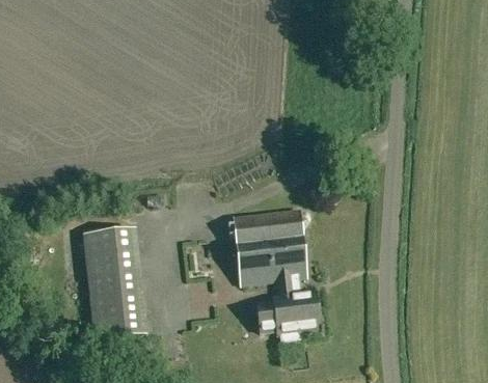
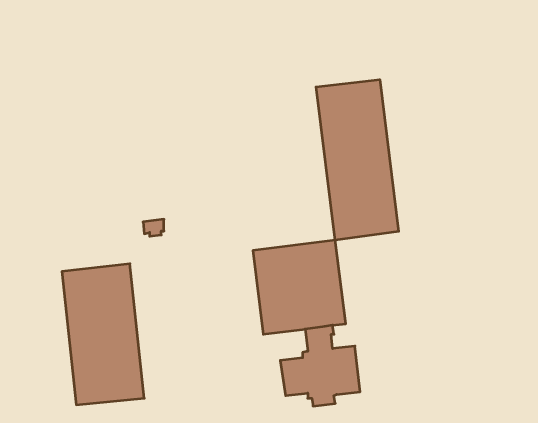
building: none -> [316,80,399,240]

